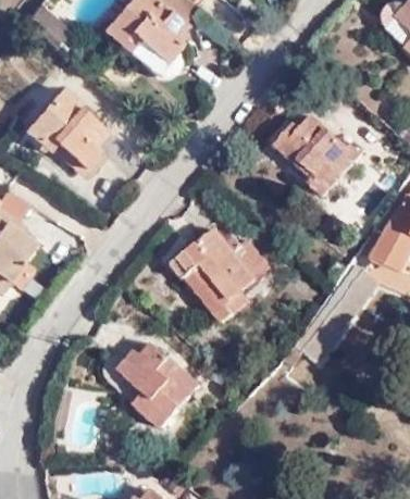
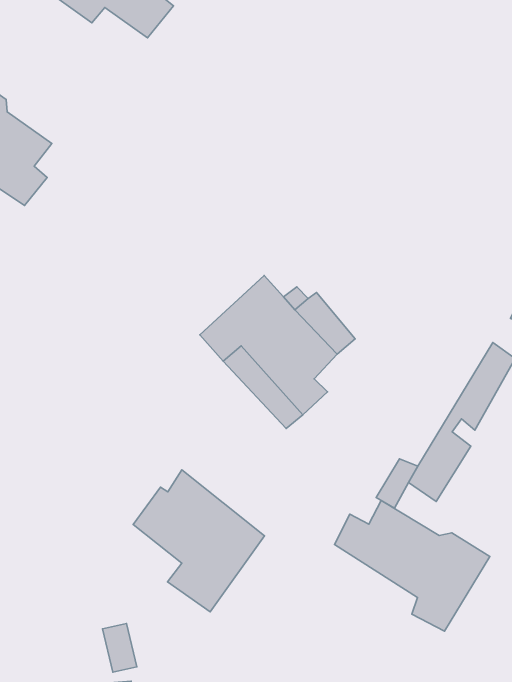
building: [283,114,363,192] -> none
building: none -> [335,500,490,631]

